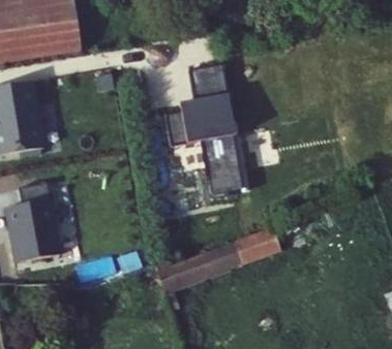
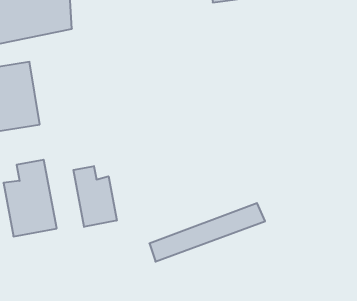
building: [161,62,241,193] -> none
building: none -> [73,166,117,227]

